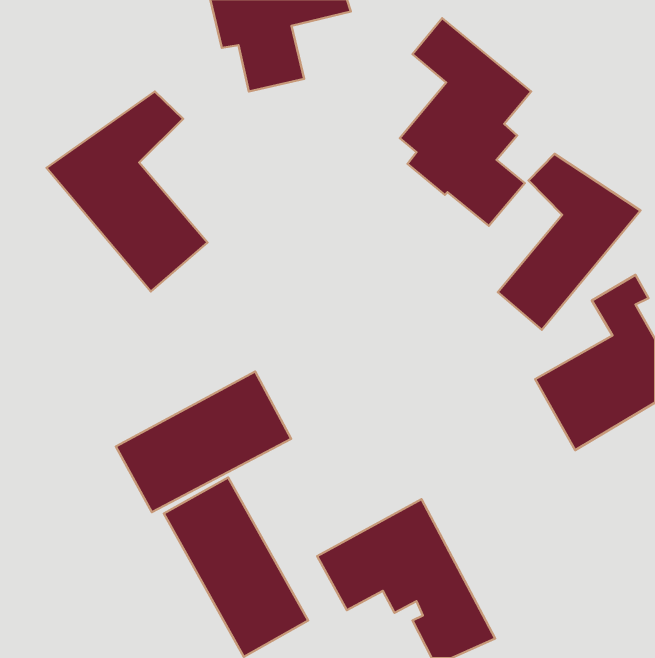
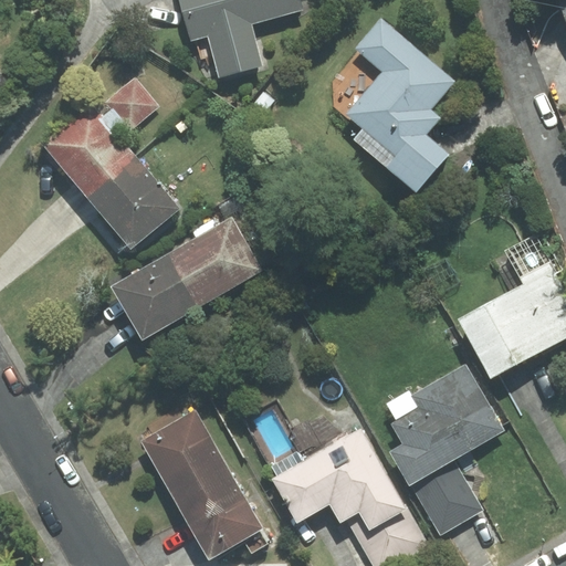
building: [498,154,640,330] -> none
building: [116,372,291,512] -> [112,219,262,339]
building: none -> [386,369,514,518]

